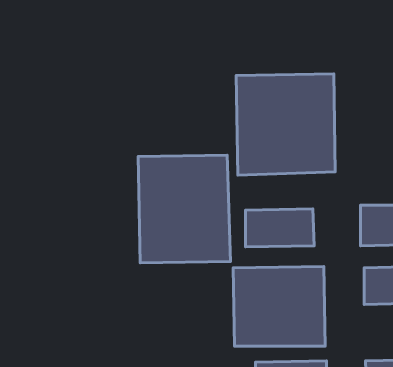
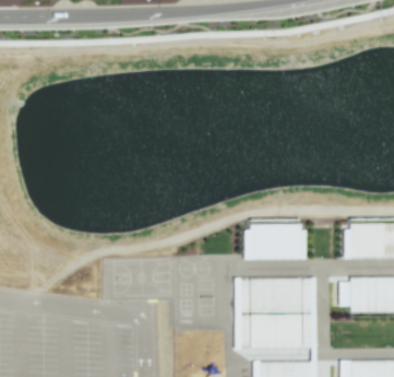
building: [236,74,335,175] -> none
building: [138,155,231,263] -> none

